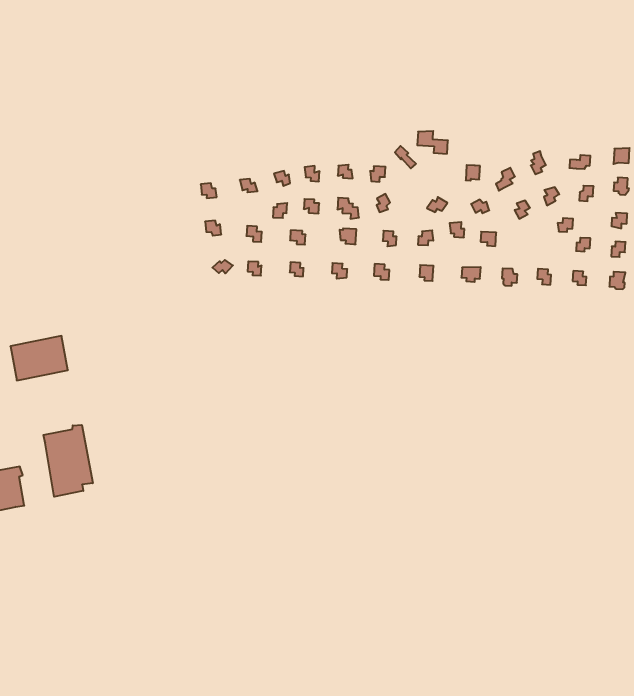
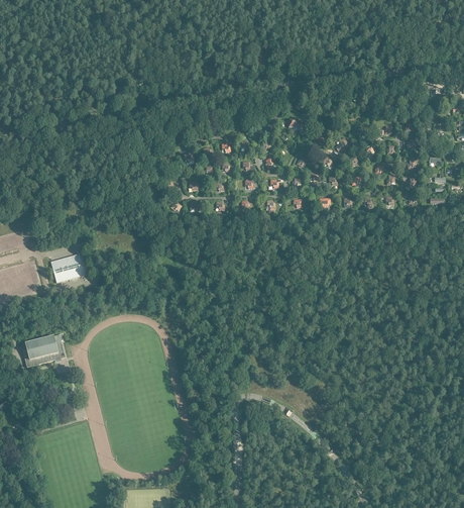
building: [43,425,93,497] -> none

